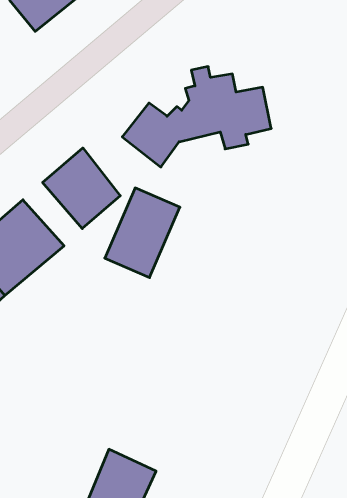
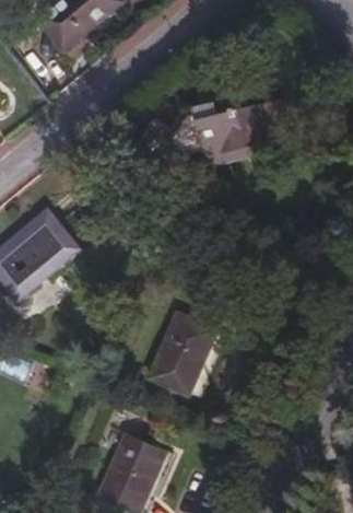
building: [43,148,120,229] -> none
building: [105,188,180,278] -> [152,314,220,395]

